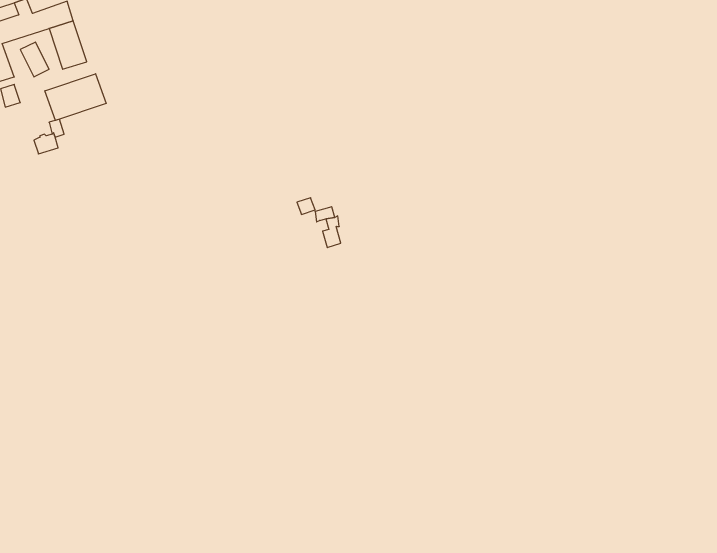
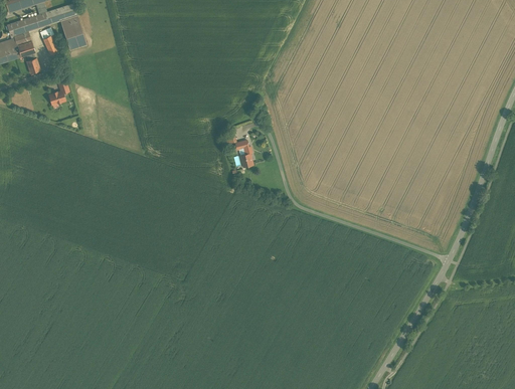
building: [45,74,106,120] -> none

